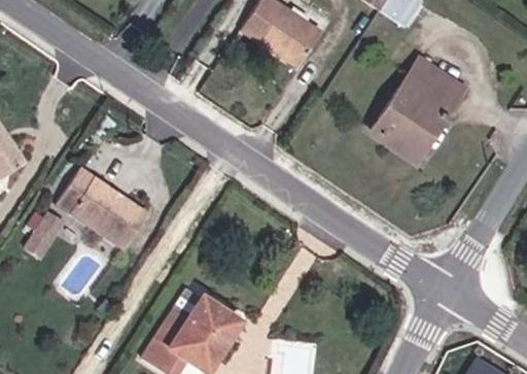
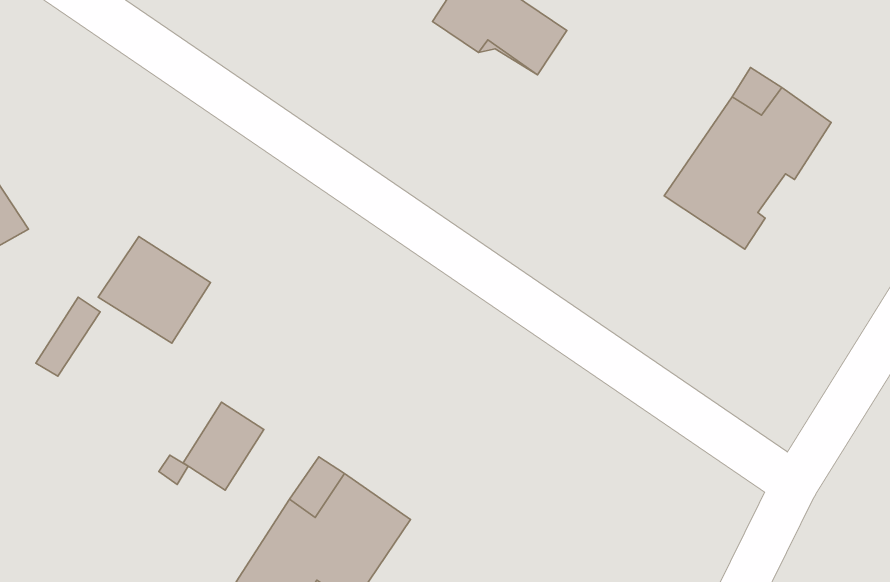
building: [102,186,147,236] -> [183,402,264,490]

